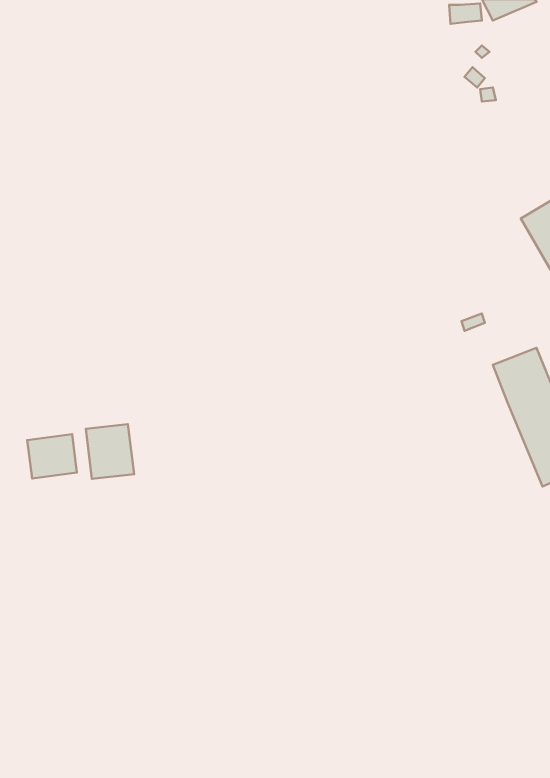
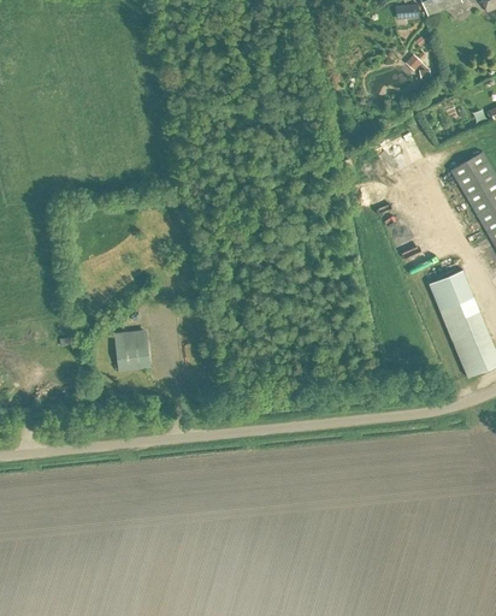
building: [27,434,77,478] -> none

